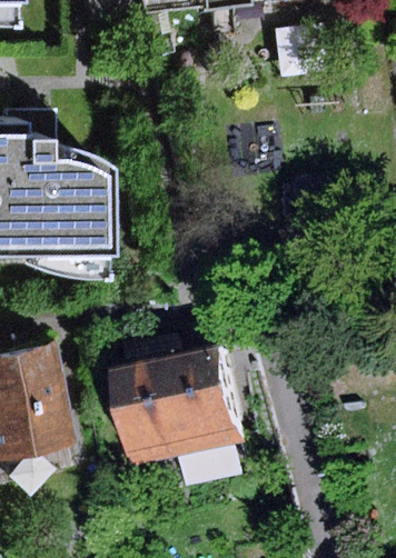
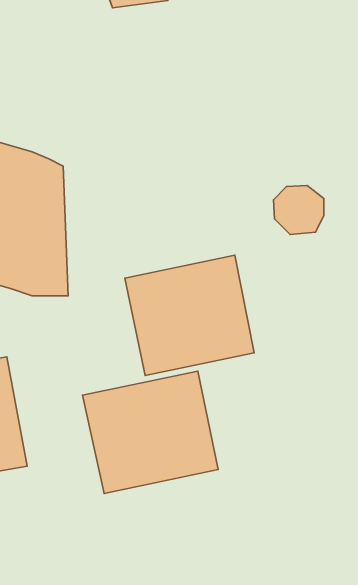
building: none -> [125,255,254,375]

